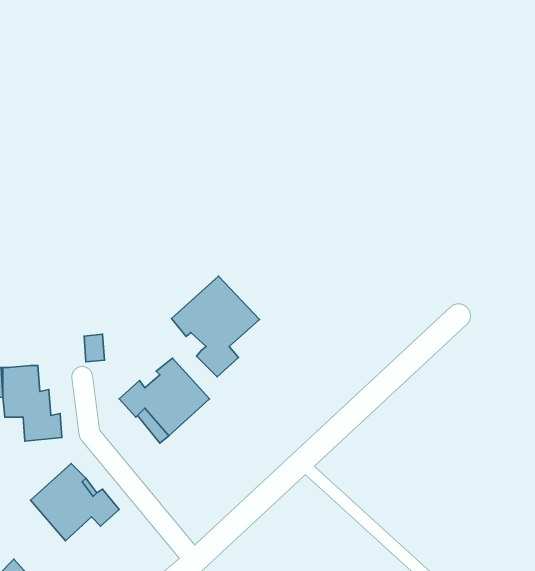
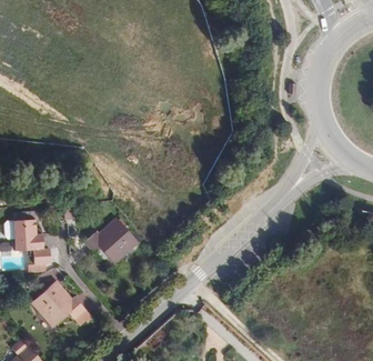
building: [172,276,260,377] -> none

